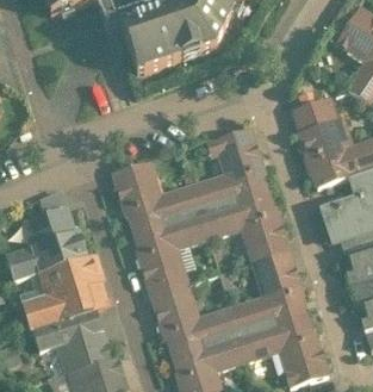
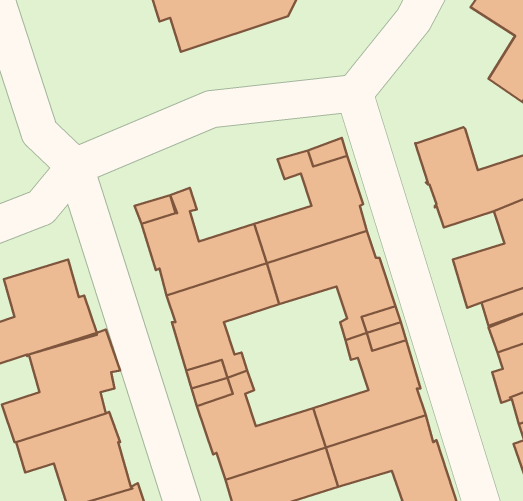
building: [293,95,338,130] -> none

